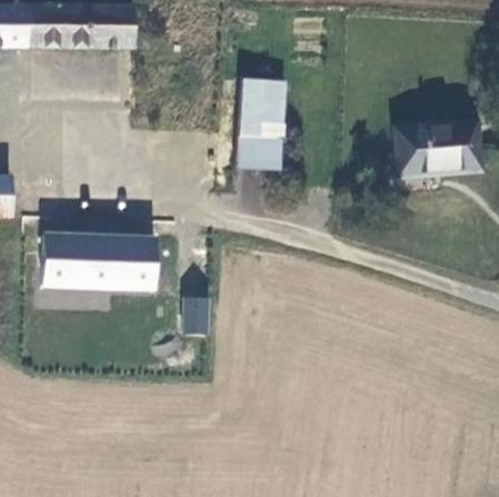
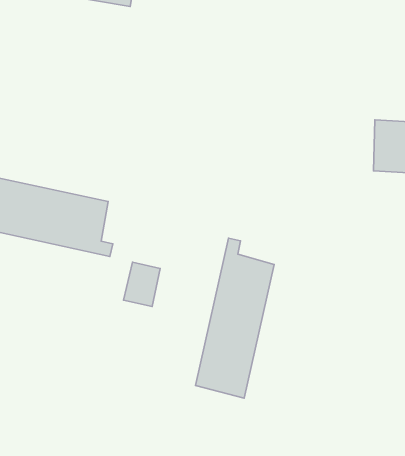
building: [240,85,289,172] -> none
building: none -> [196,238,274,398]

